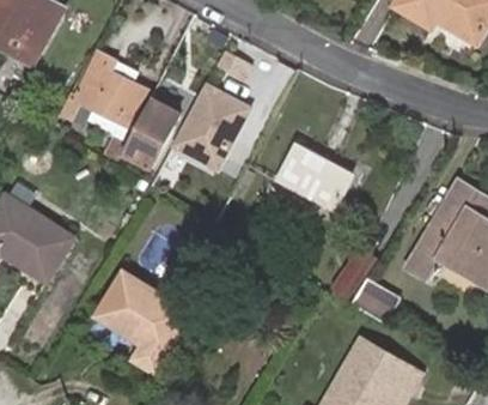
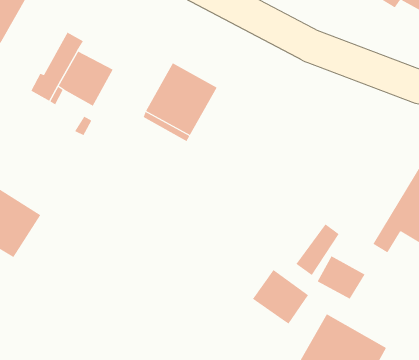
building: [126,101,178,165] -> none
building: [276,145,349,207] -> none
building: [94,272,189,371] -> none
building: none -> [252,269,309,324]

